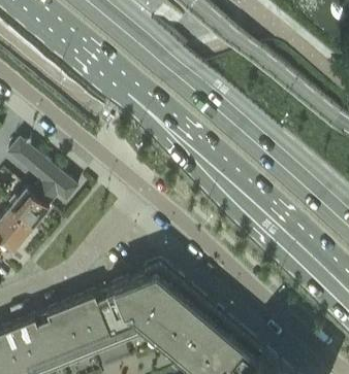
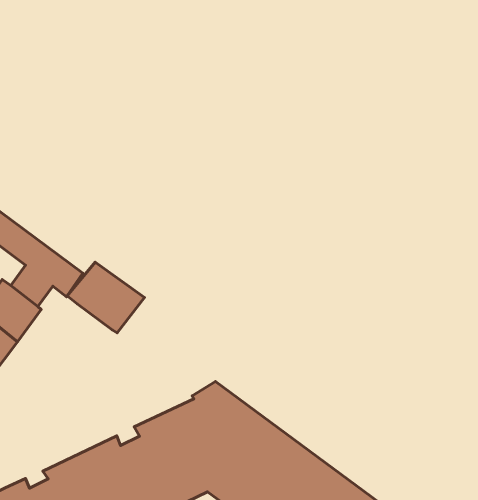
building: none -> [67,262,145,333]

